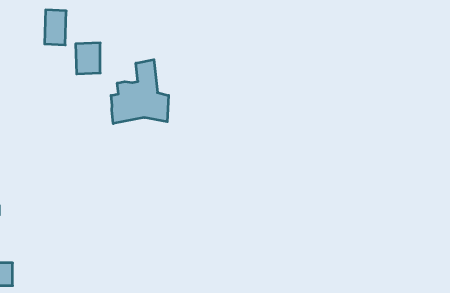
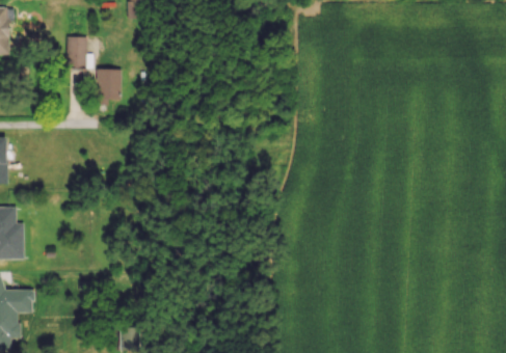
building: [111,60,169,124] -> none

